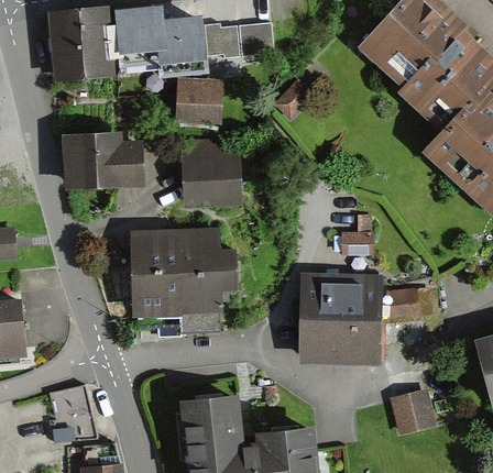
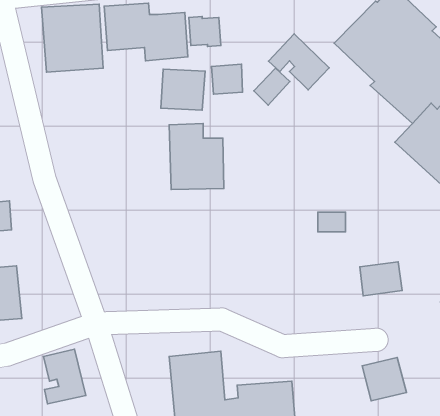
building: [240,23,273,55] -> [212,64,243,94]
building: none -> [269,34,329,90]
building: [61,134,143,195] -> none
building: [130,230,237,331] -> none
building: [299,275,383,370] -> none

